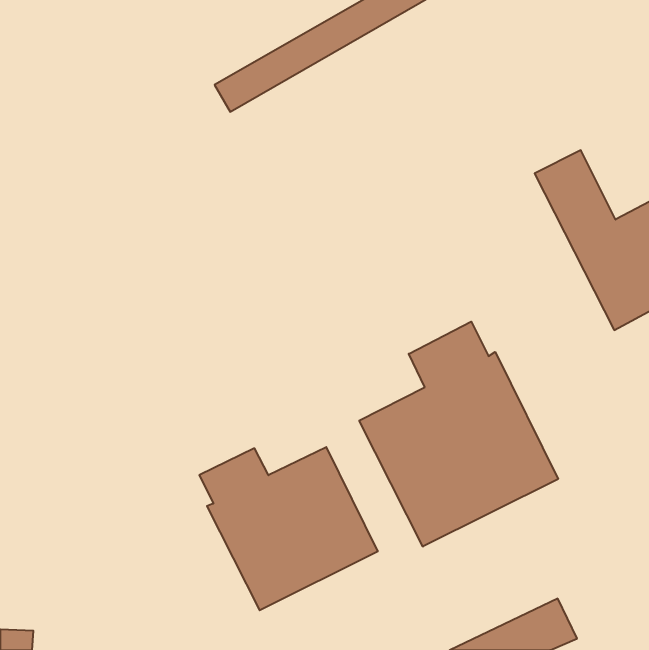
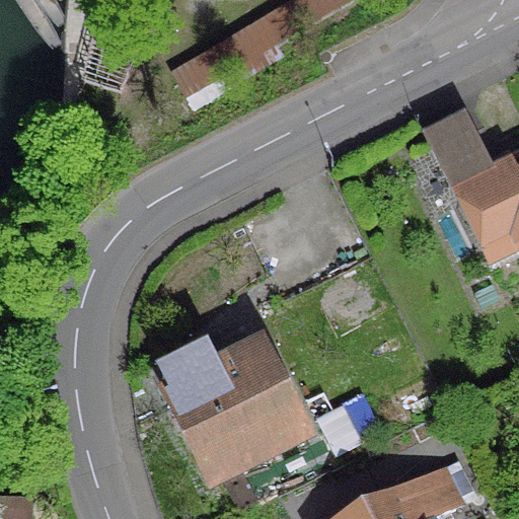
building: [359,322,558,547] -> none

